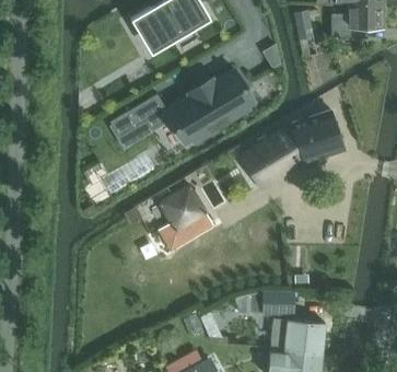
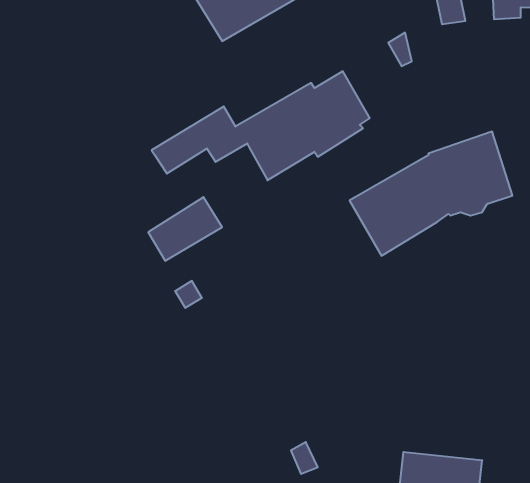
building: [160,186,214,251] -> none
building: [236,291,295,314] -> none

